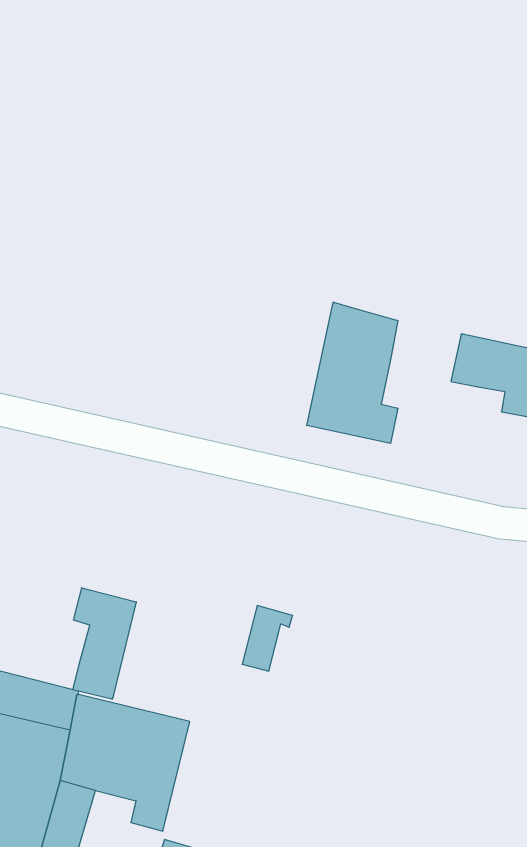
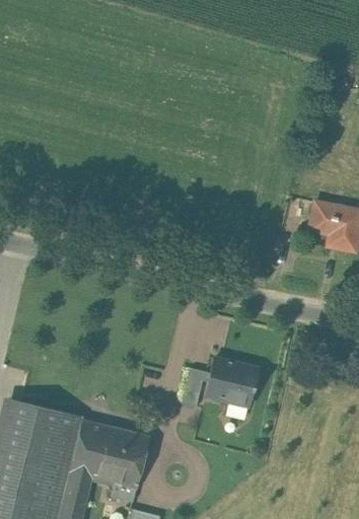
building: [307,302,398,443] -> none
building: [73,588,136,699] -> none
building: none -> [205,358,257,404]

